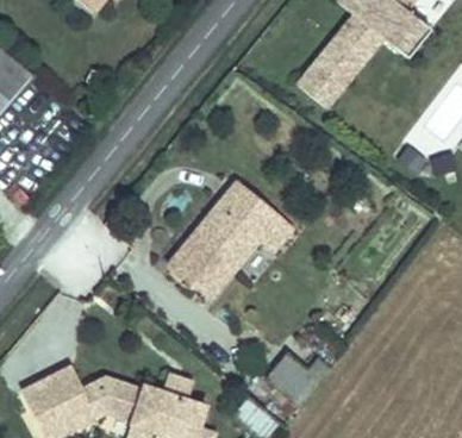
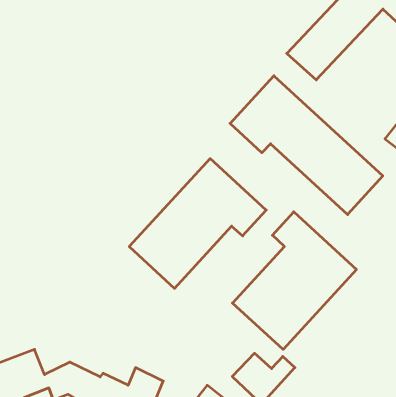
building: none -> [230,76,383,215]
building: none -> [232,212,356,349]

